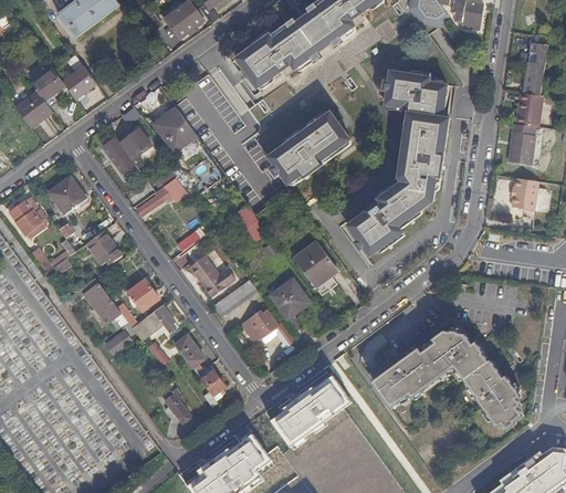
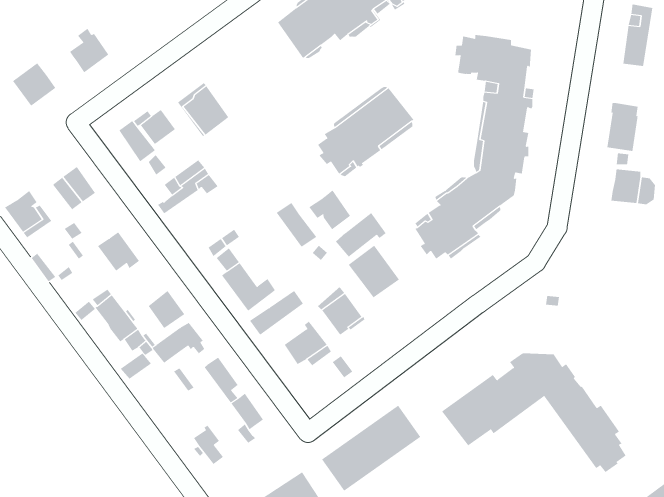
building: [32,67,65,99] -> none
building: [515,91,543,126] -> none
building: none -> [309,189,351,230]
building: none -> [335,212,386,257]

